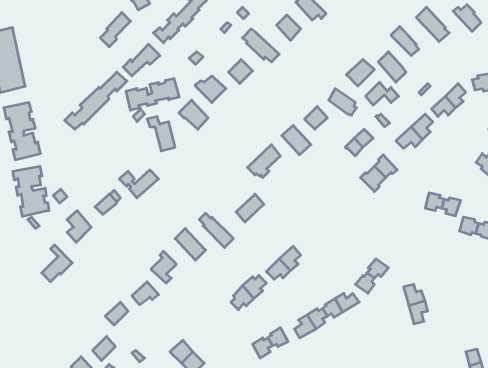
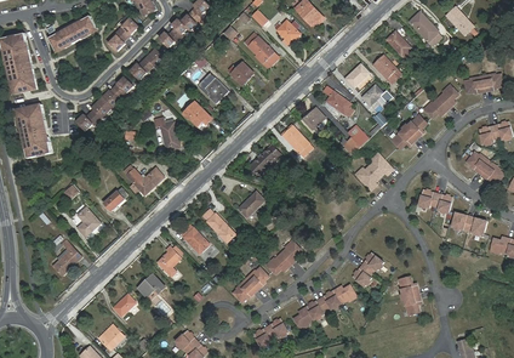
building: none -> [47,15,96,49]
building: [126,78,179,110] -> none
building: [13,166,49,217] -> none

